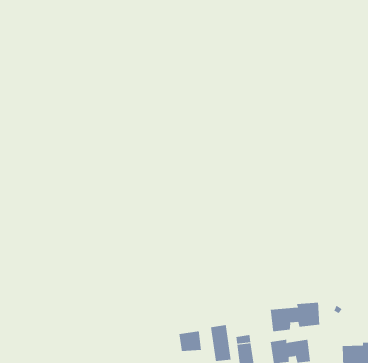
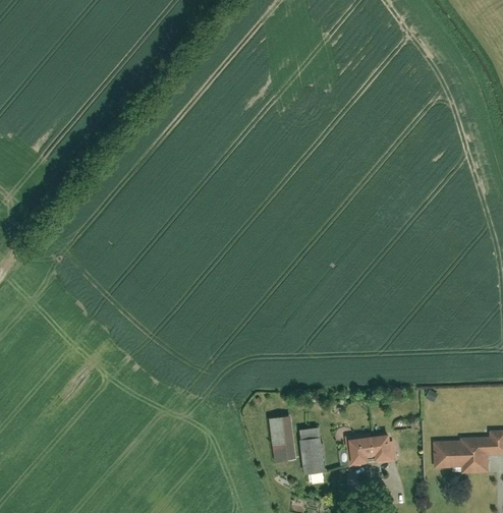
building: [270,302,320,332] -> none
building: [179,331,201,352] -> none

